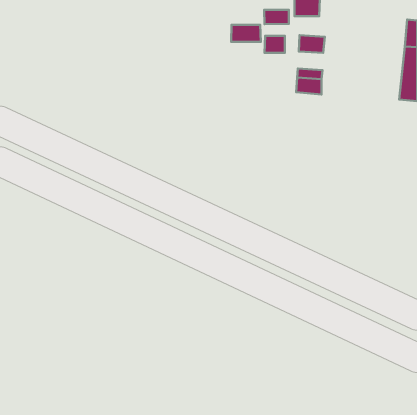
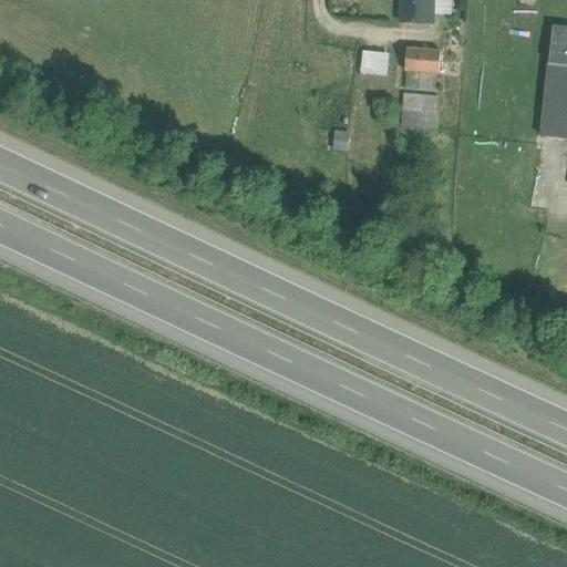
building: [264,10,289,24] -> none
building: [231,25,261,42] -> none

